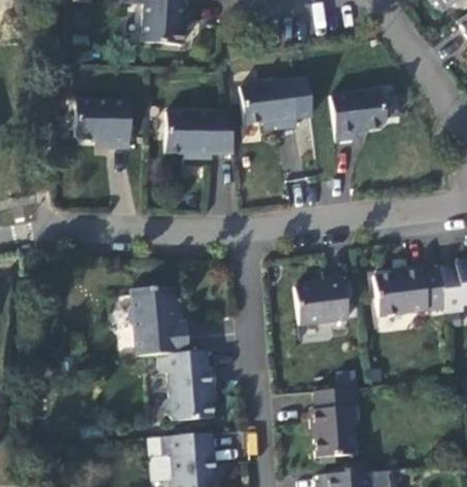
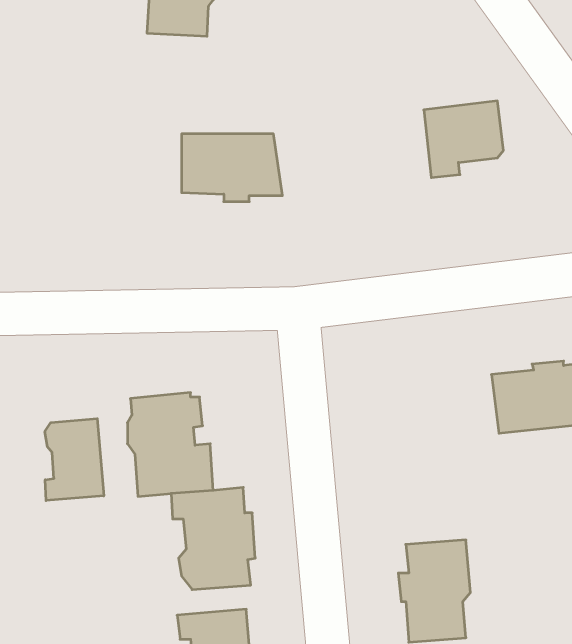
building: [243,80,300,128] -> none
building: [75,97,129,147] -> none
building: [298,275,353,324] -> none
building: none -> [45,419,104,501]

